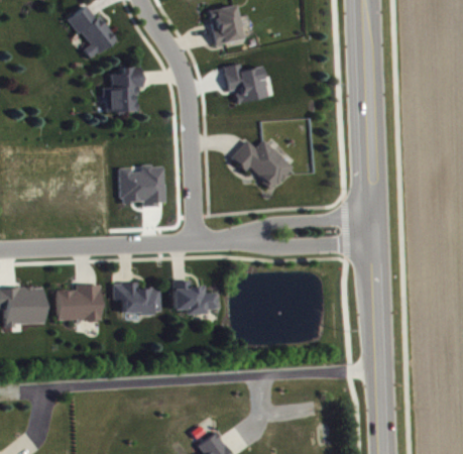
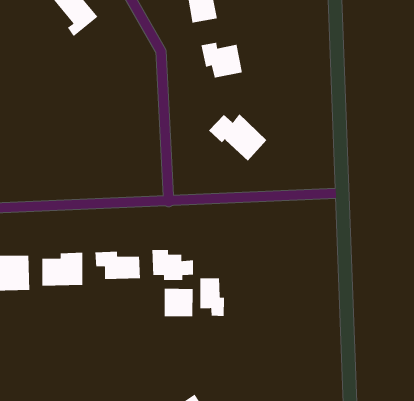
building: [104,67,141,112] -> none
building: [119,164,164,205] -> none
building: none -> [200,278,225,317]
building: none -> [164,288,193,317]

